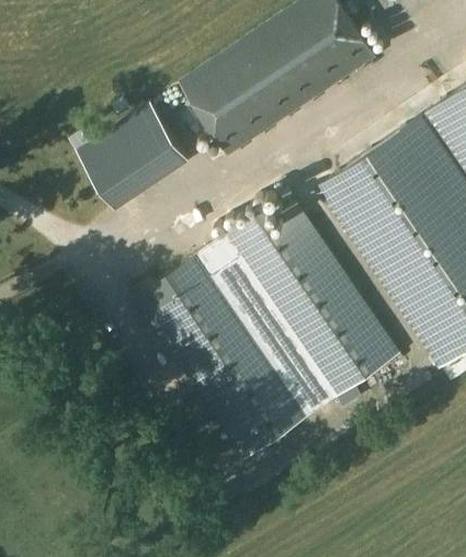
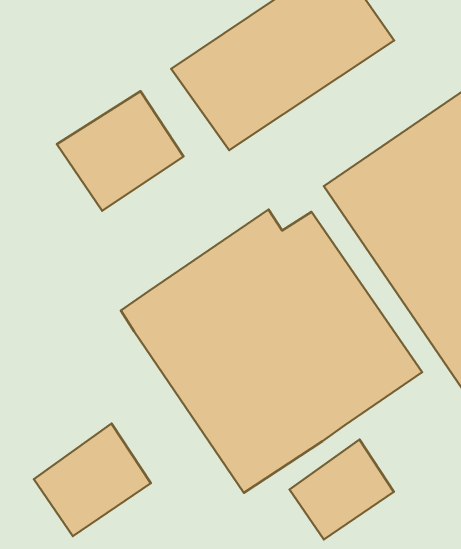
building: none -> [34,424,151,536]
building: none -> [289,440,394,540]

